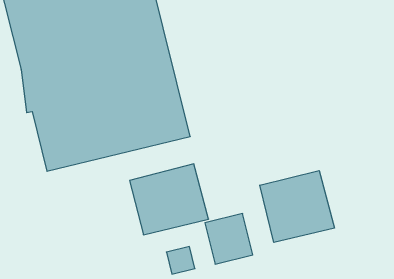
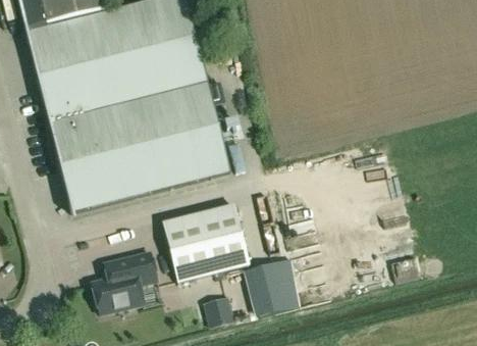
building: [260,171,334,242] -> none
building: none -> [93,251,157,312]

